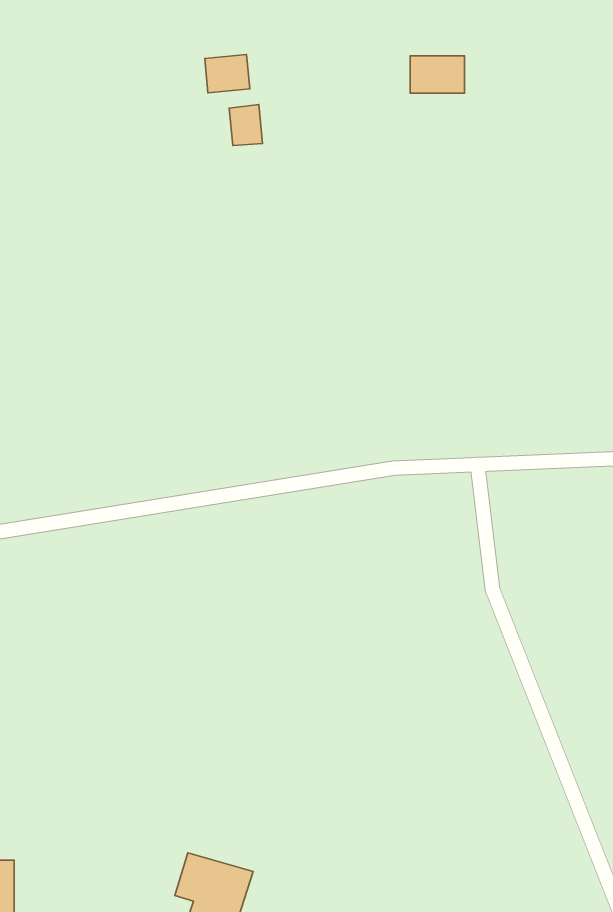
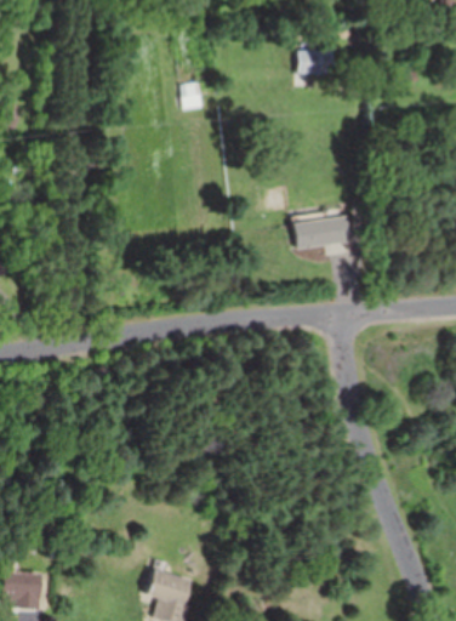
building: [205,55,250,93] -> none
building: none -> [293,215,349,247]

